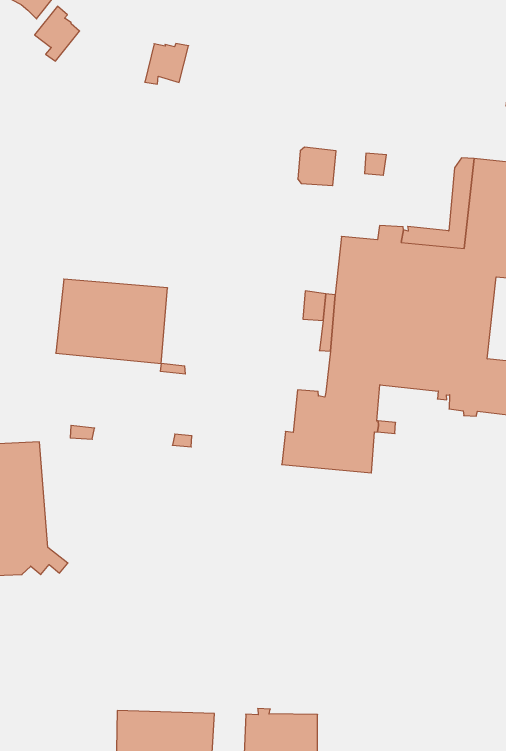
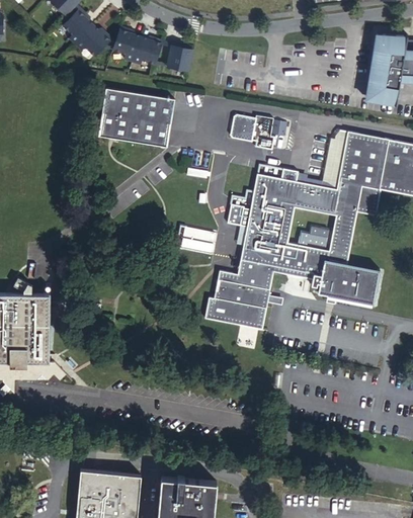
building: none -> [115,29,143,65]
building: none -> [78,28,113,59]
building: none -> [169,45,195,73]
building: [56,279,168,363] -> [97,87,173,147]

